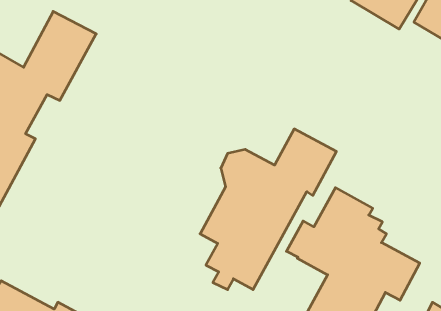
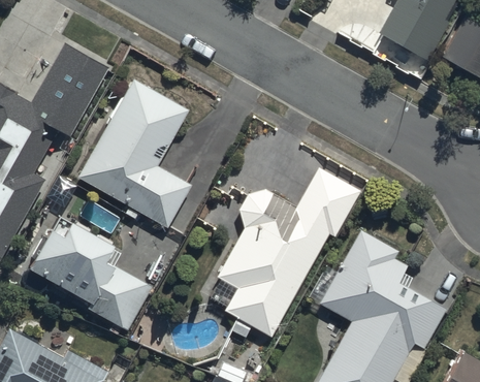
building: none -> [76,79,191,228]
building: none -> [27,218,151,330]

